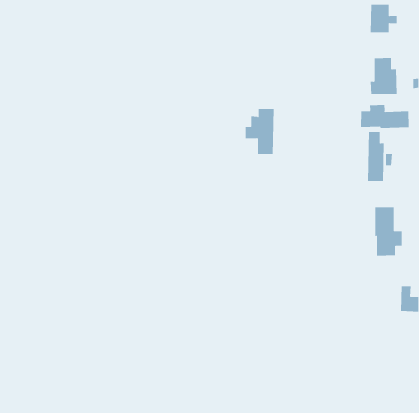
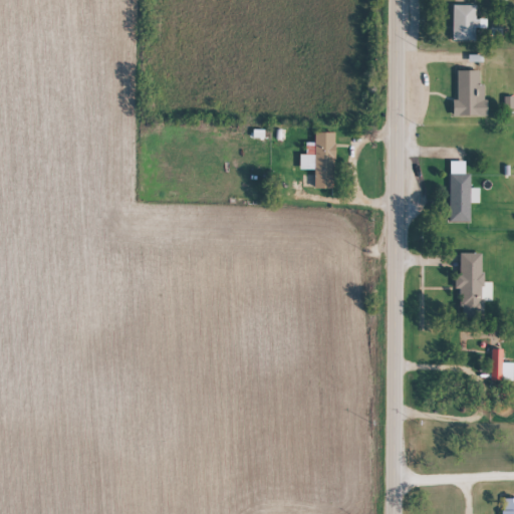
building: [361,104,409,129] -> none

